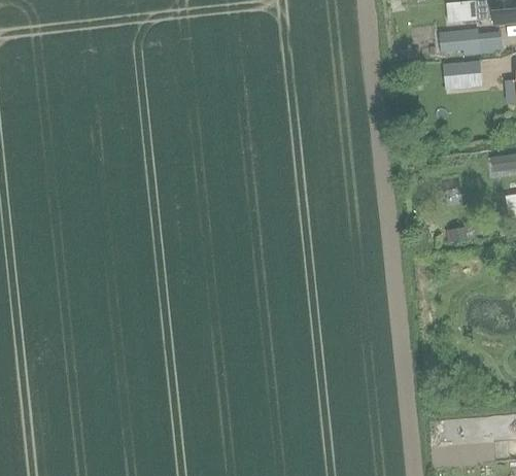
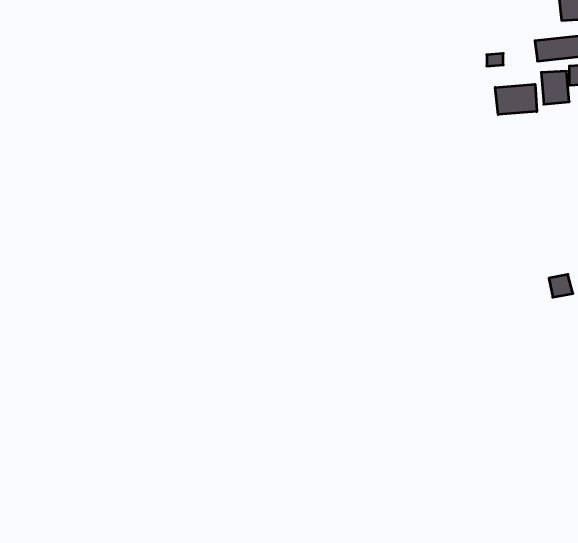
building: none -> [495,84,537,115]

